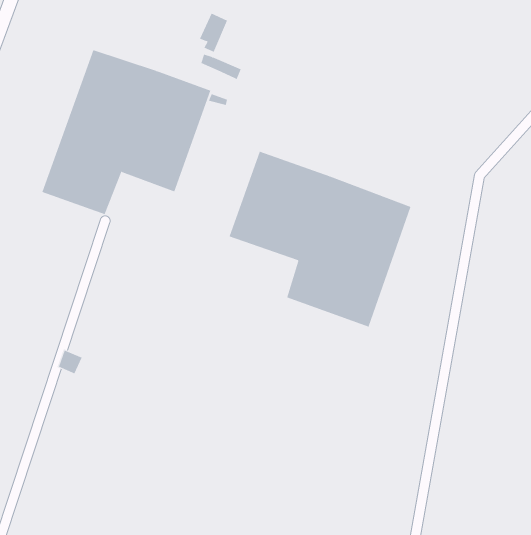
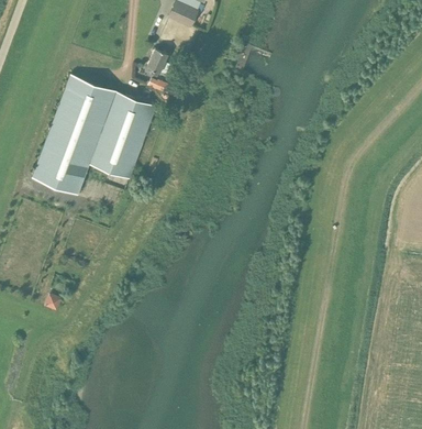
building: [229,151,411,327] -> none

